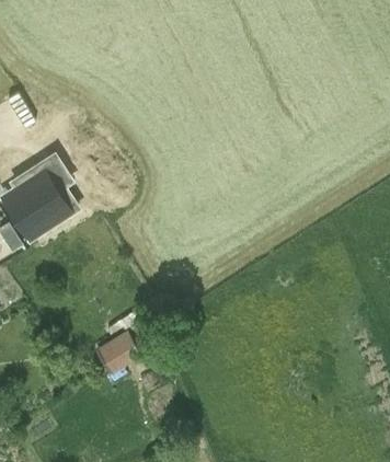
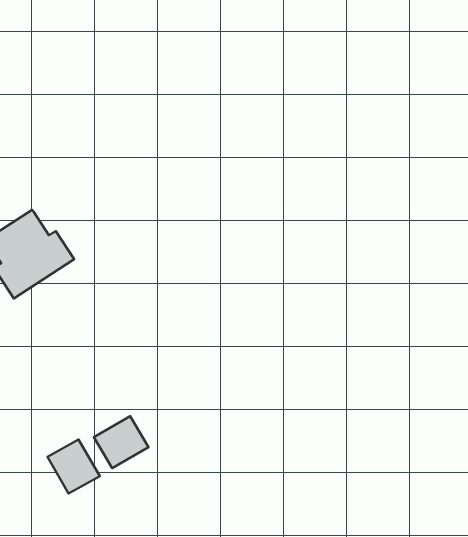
building: none -> [47,439,100,494]

